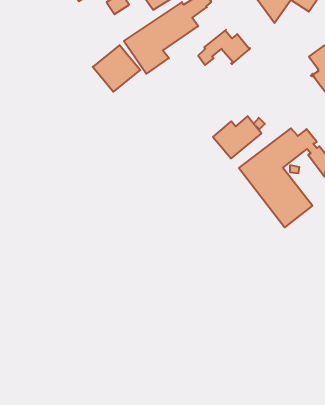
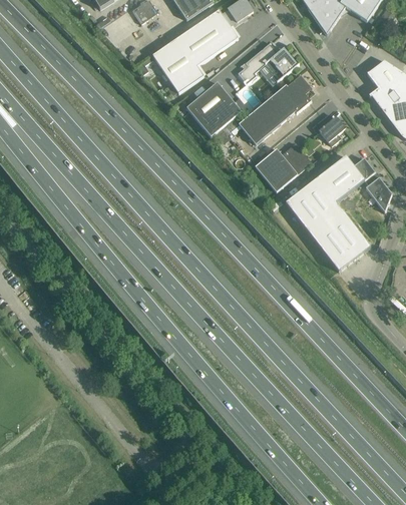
building: [93,45,140,92] -> [186,81,242,135]
building: none -> [239,74,313,143]
building: none -> [313,113,346,144]

